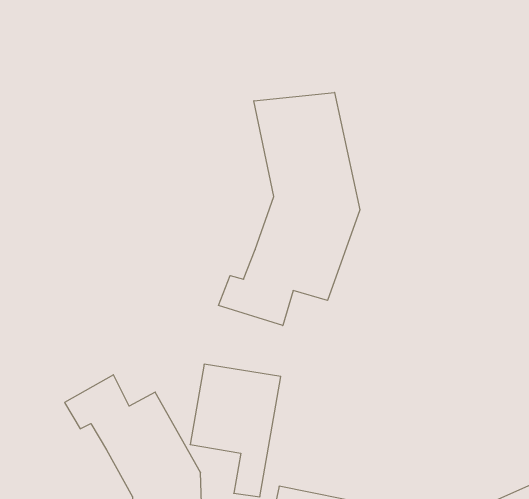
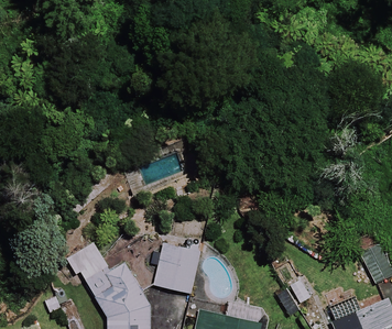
building: [218,92,360,326] -> none

